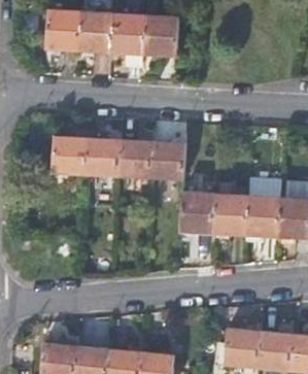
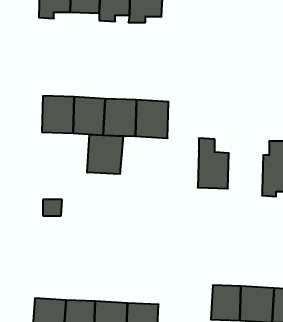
building: none -> [87,135,123,174]
building: [242,179,279,234] -> none
building: [178,193,212,231] -> none

